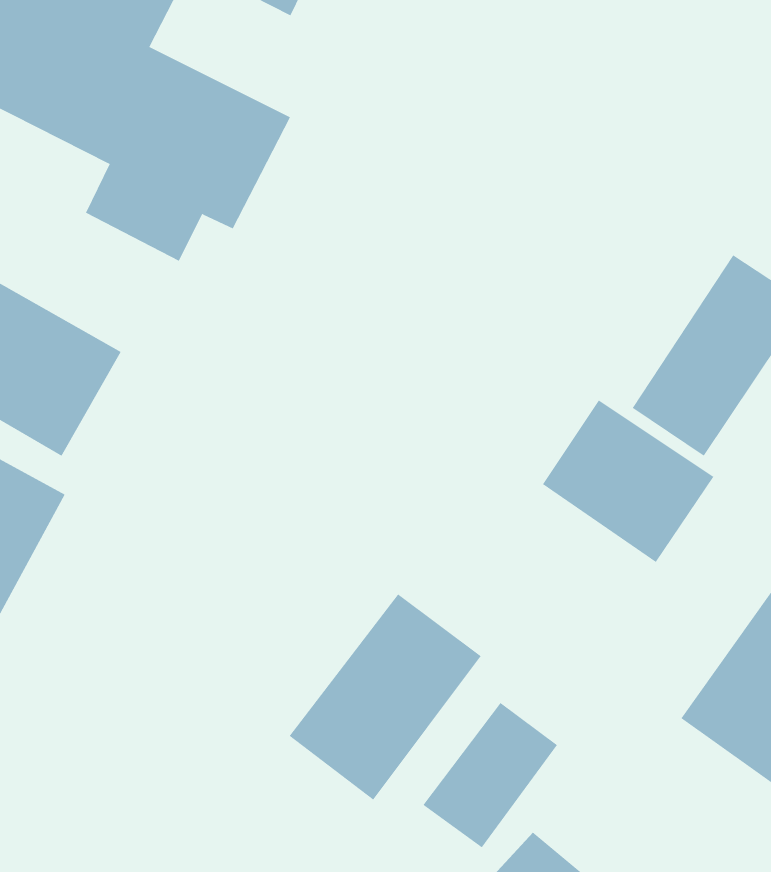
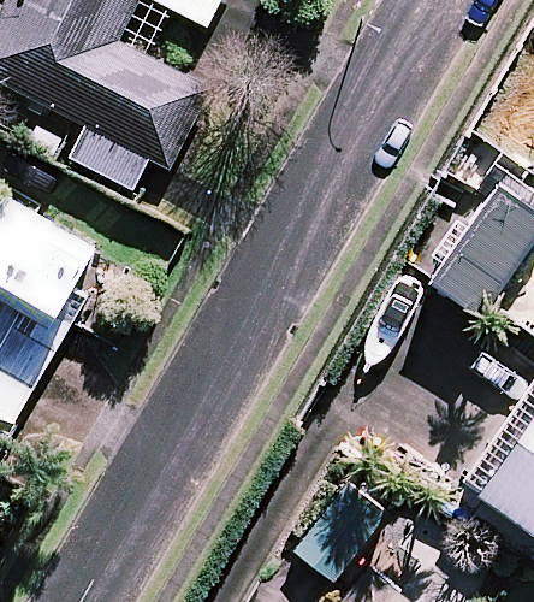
building: [542,399,714,563] -> none
building: [289,593,482,801] -> none

